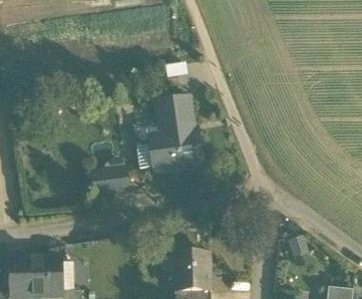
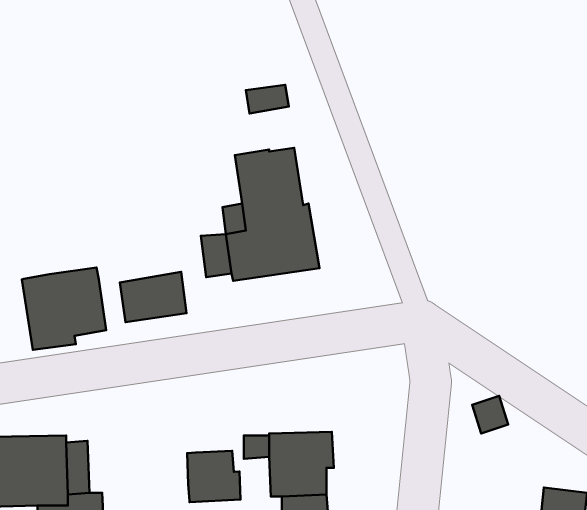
building: none -> [22,268,106,350]
building: none -> [187,451,240,502]

